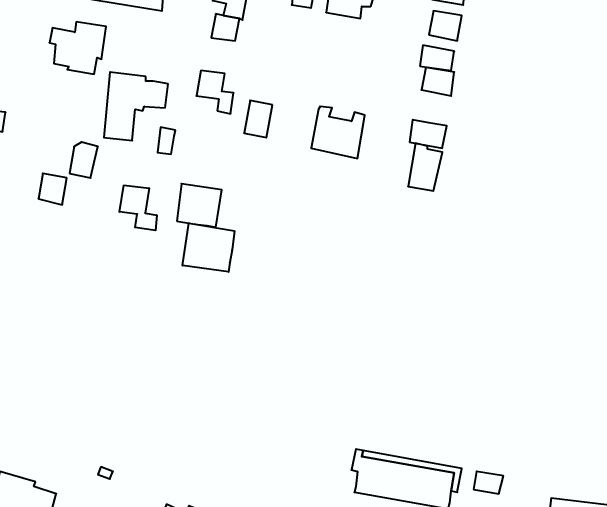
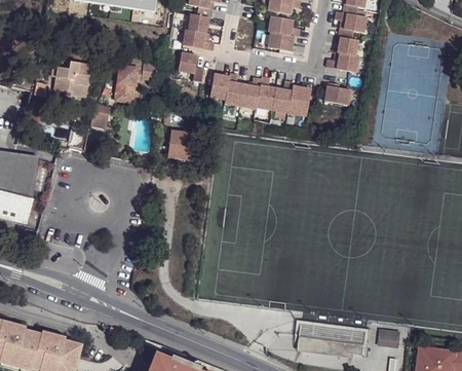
building: none -> [267,17,299,52]
building: [49,22,106,74] -> [50,60,89,96]
building: none -> [183,29,214,49]
building: none -> [225,72,262,108]
building: [408,143,442,191] -> [288,83,312,116]
building: [119,185,157,230] -> none
building: [183,223,234,272] -> none

